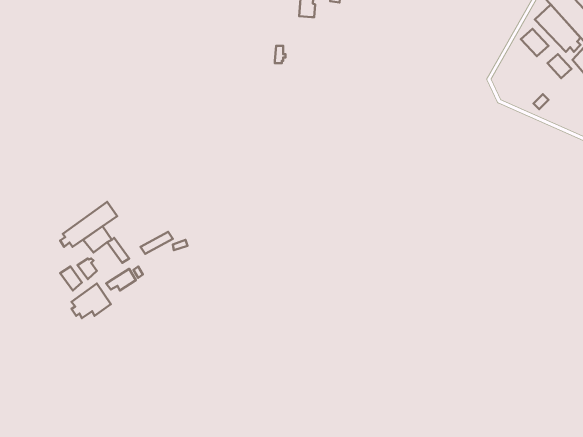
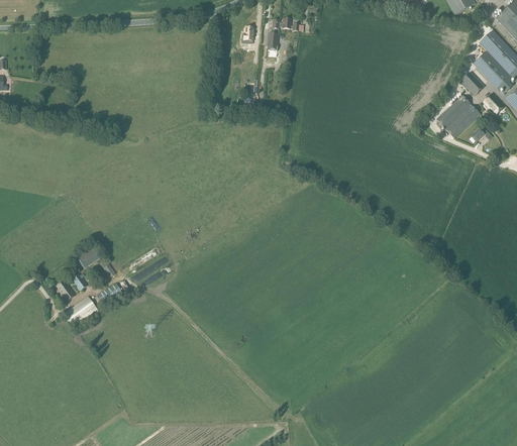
building: none -> [436,94,481,138]
building: [60,202,117,247] -> none

